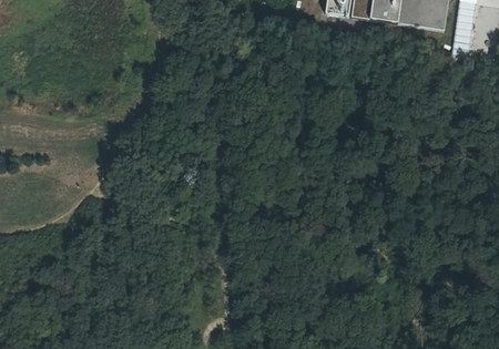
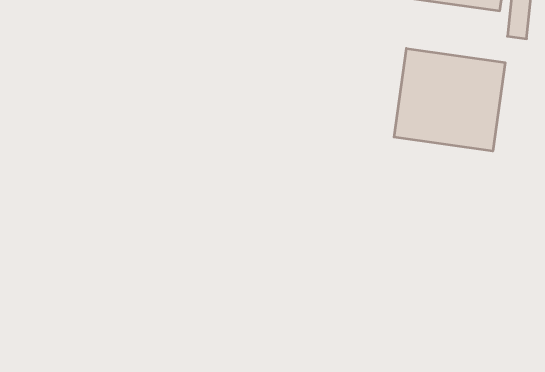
building: none -> [394,48,505,151]

